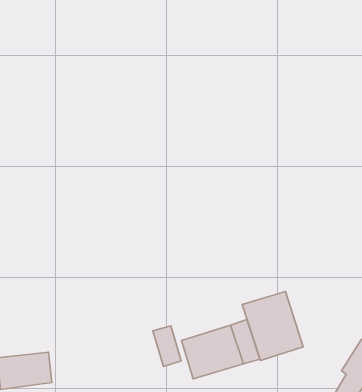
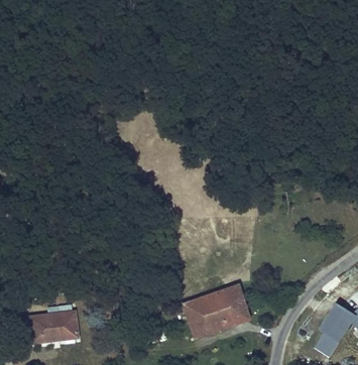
building: [242,292,303,361] -> none
building: [153,326,181,367] -> none

